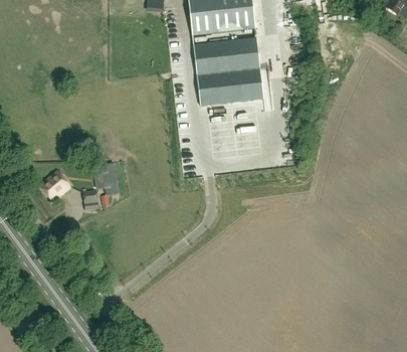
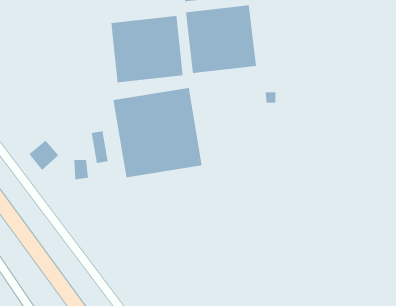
building: none -> [111,15,183,83]
building: none -> [113,87,202,178]

